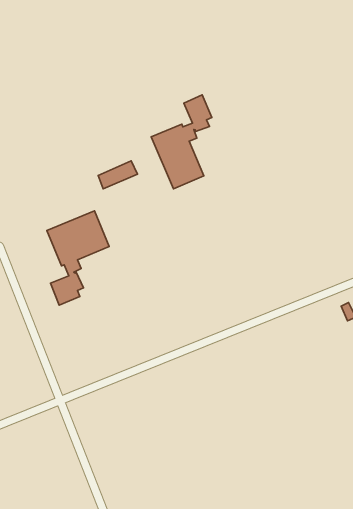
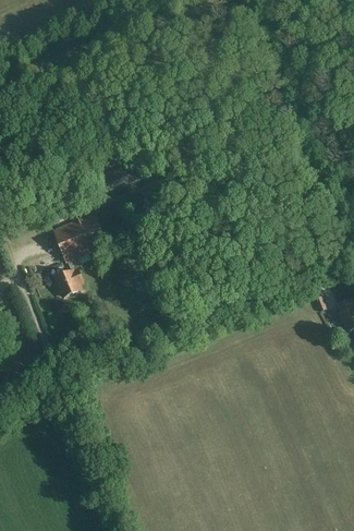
building: [151,95,212,189] -> none

